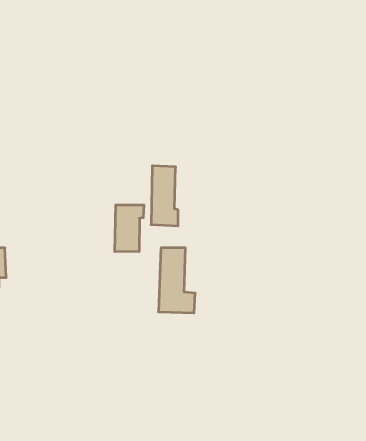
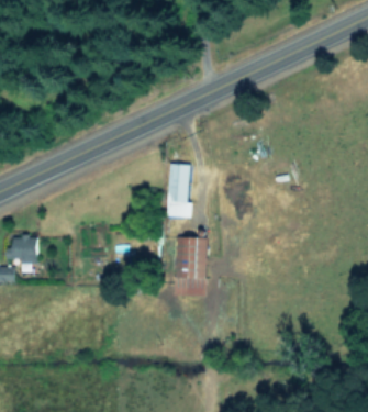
building: [115,205,144,252] -> none

